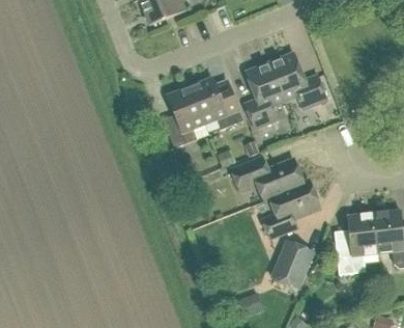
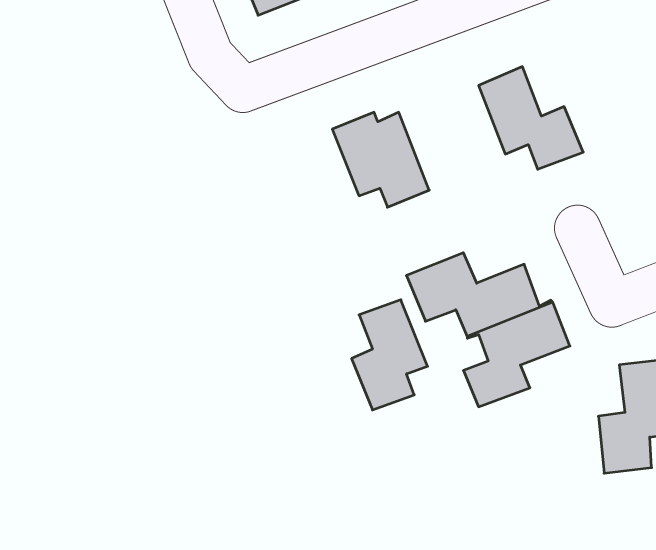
building: [244,62,284,128] -> none
building: [163,86,204,146] -> [352,300,428,410]
building: [270,238,315,288] -> none

